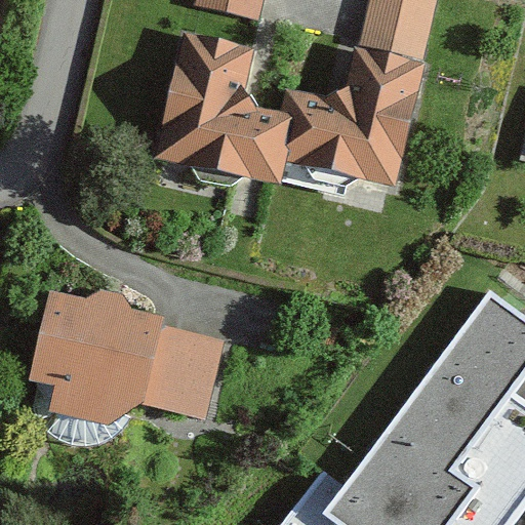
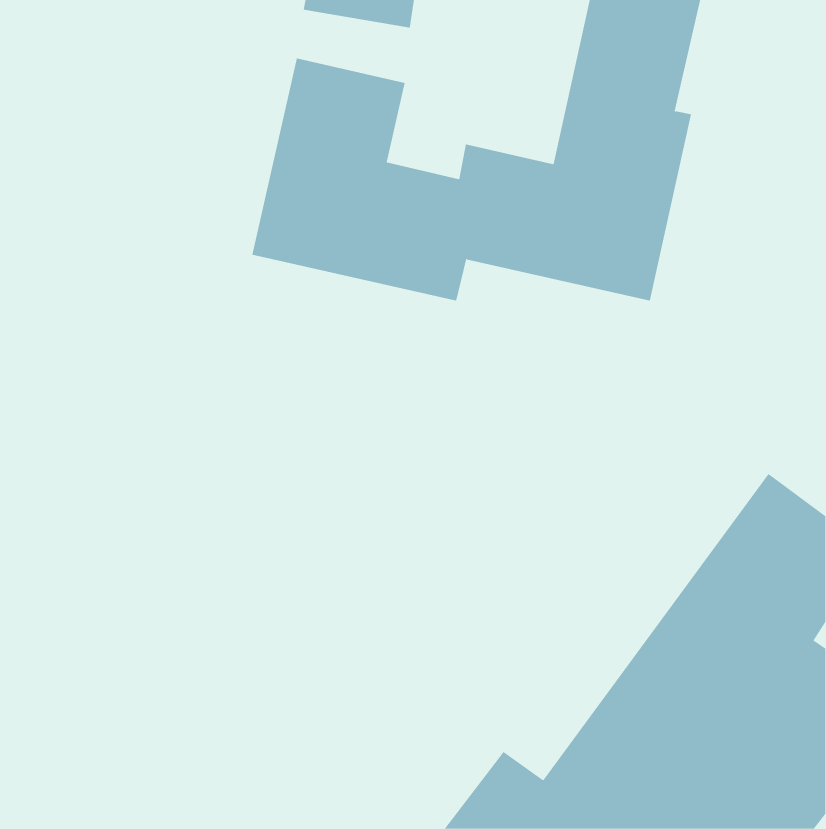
building: [37,294,221,432] -> none

